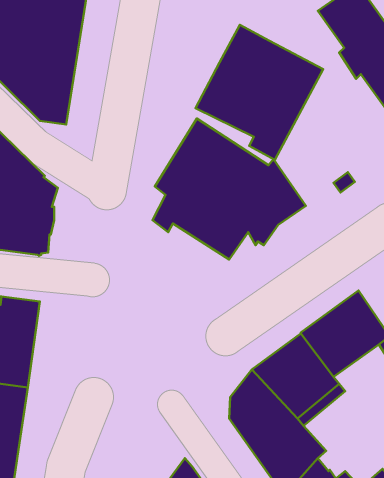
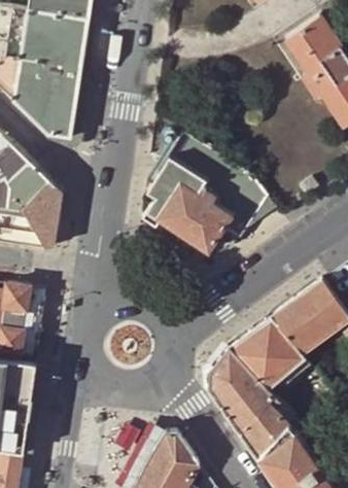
building: [196,25,323,160] -> none

